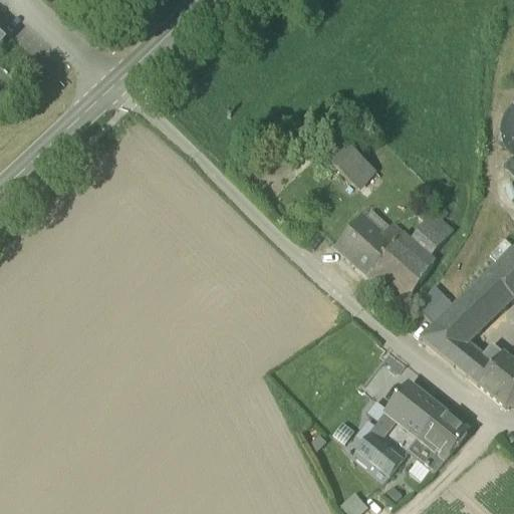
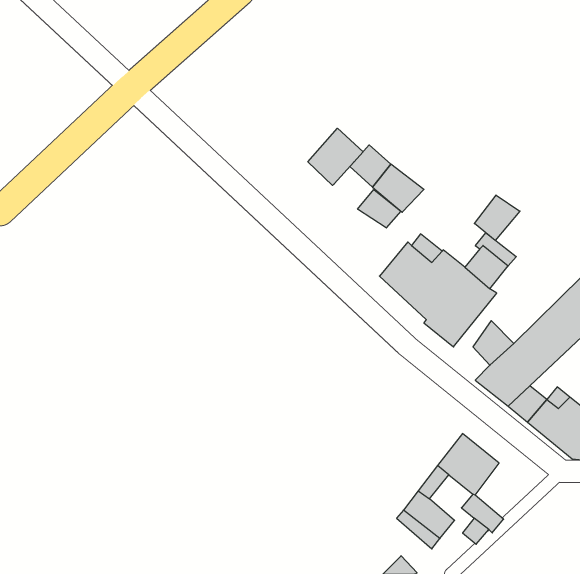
building: none -> [308,128,363,185]
building: none -> [358,190,401,228]
building: none -> [474,195,520,240]
building: [421,408,468,457] -> none

